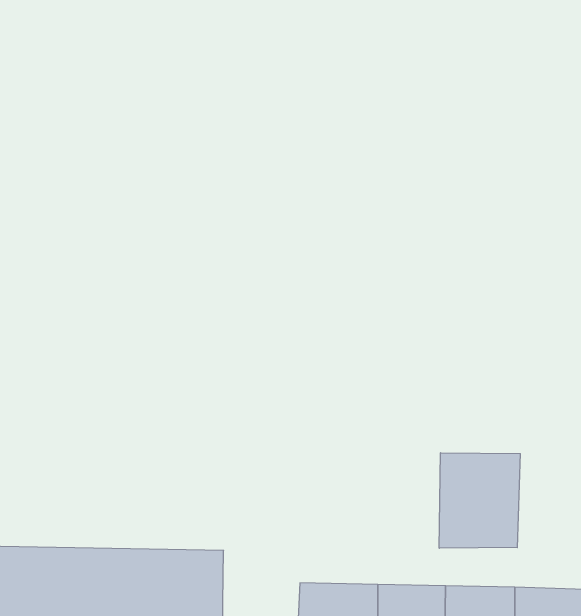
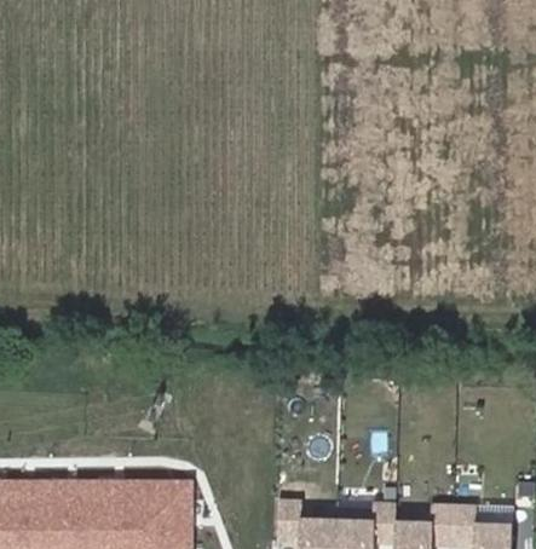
building: [439,453,520,548] -> none

